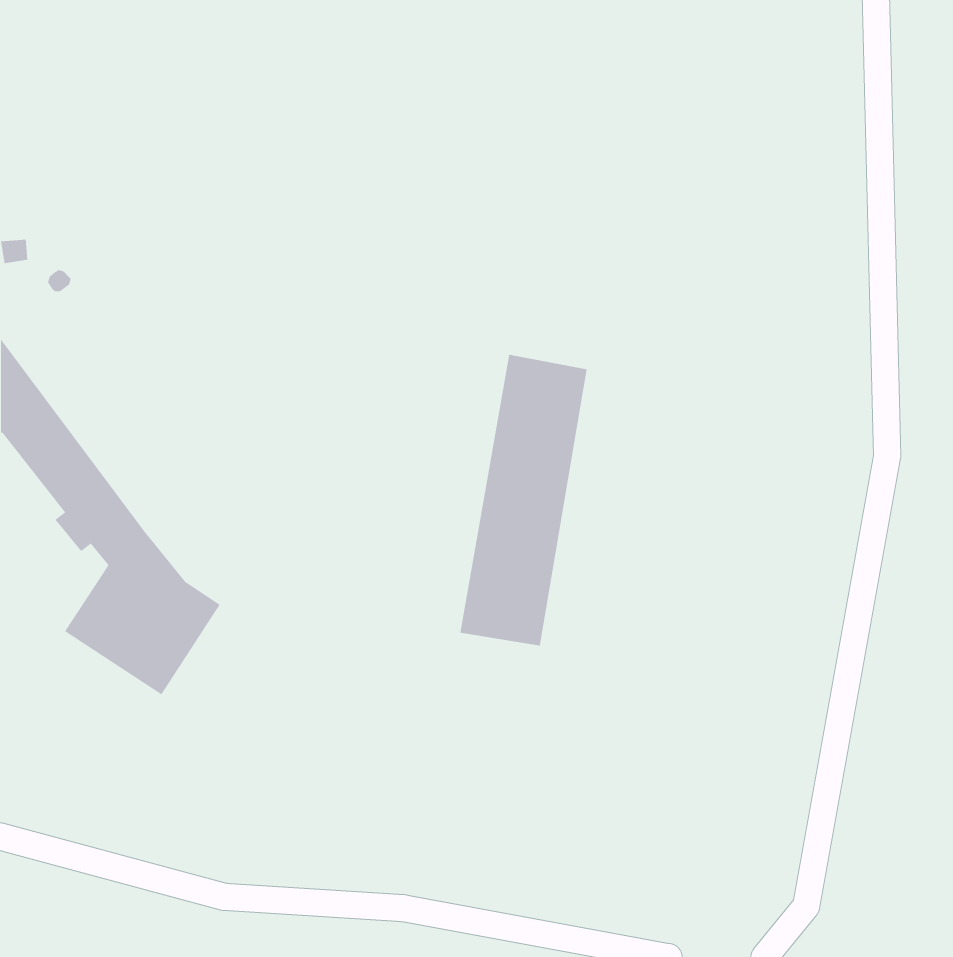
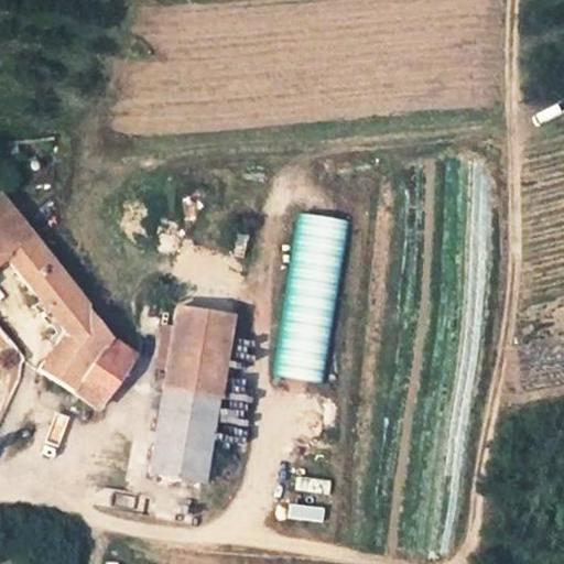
building: none -> [153,304,234,480]

